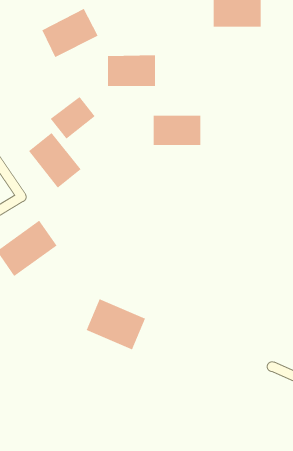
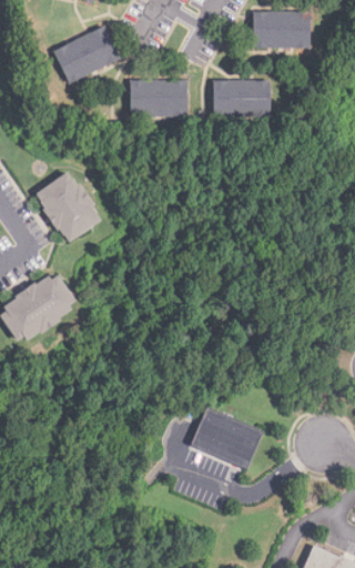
building: [50,96,96,140] -> none
building: [153,115,201,146] -> [213,81,270,116]
building: [86,299,146,350] -> [191,407,261,467]

